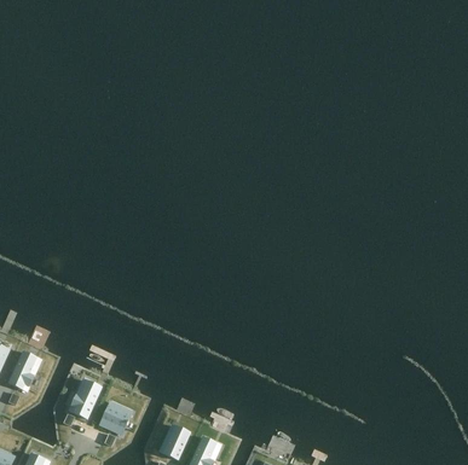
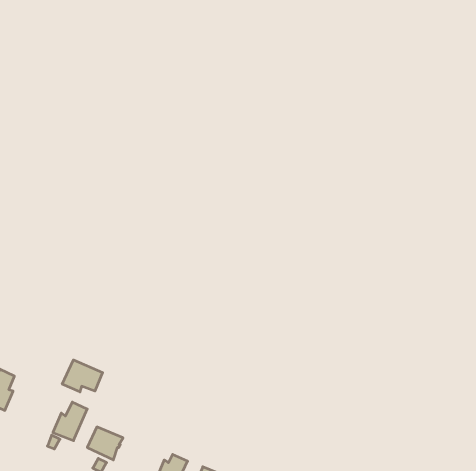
building: none -> [62,360,103,392]

